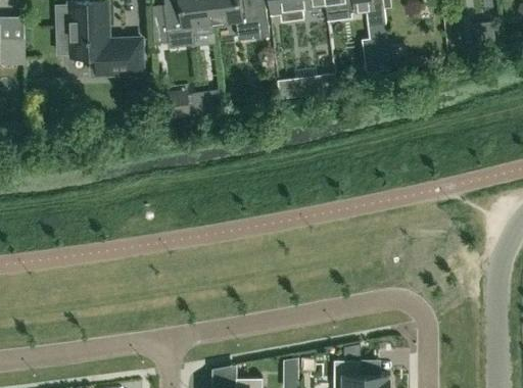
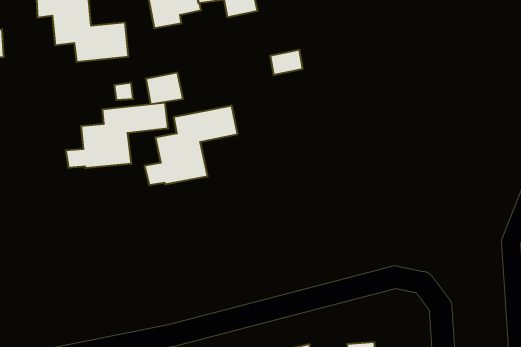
building: none -> [66,103,168,168]
building: none -> [144,105,238,185]

